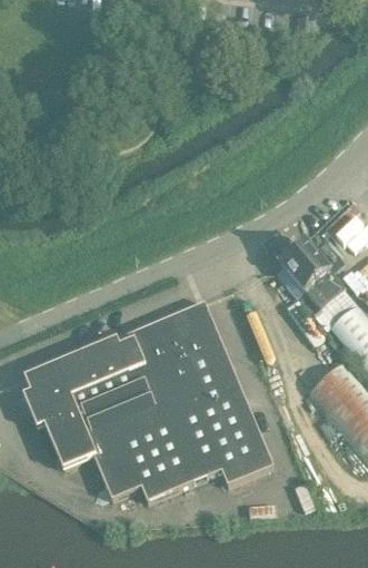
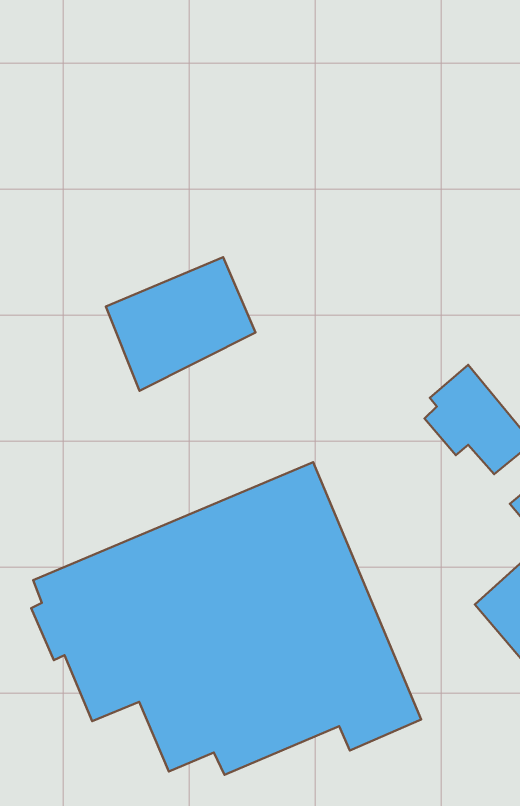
building: none -> [106,257,256,391]

